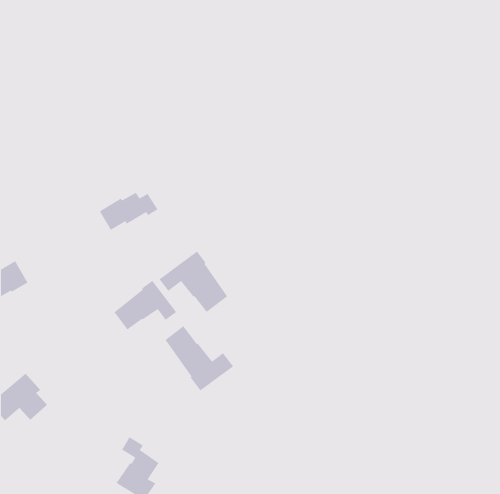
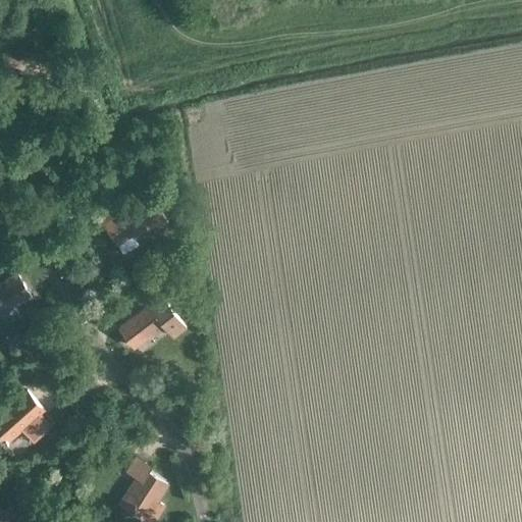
building: [159,250,228,313] -> none
building: [164,325,234,392] -> none

